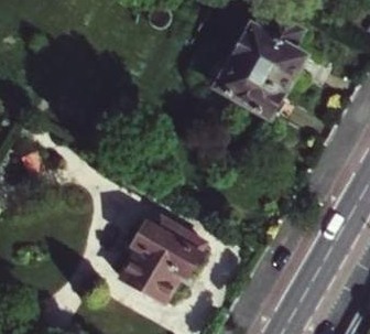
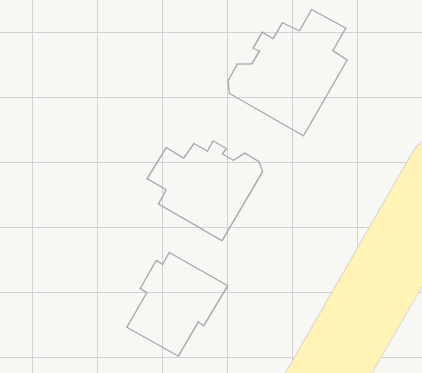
building: none -> [147,141,262,241]

